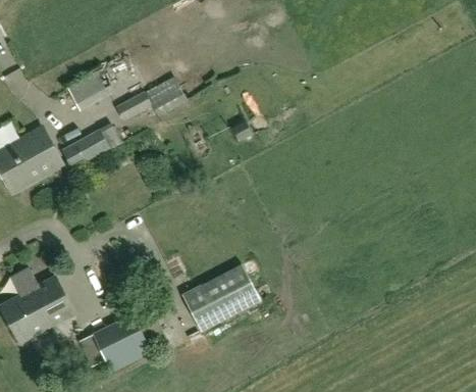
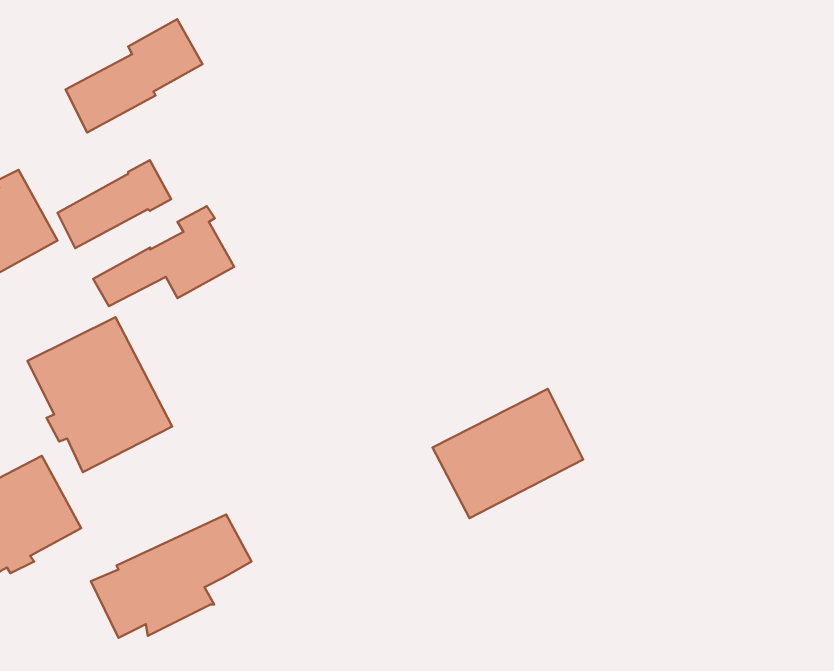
building: [114,69,188,121] -> [93,206,234,306]
building: none -> [28,317,172,472]
building: [180,264,259,332] -> [432,389,583,518]

